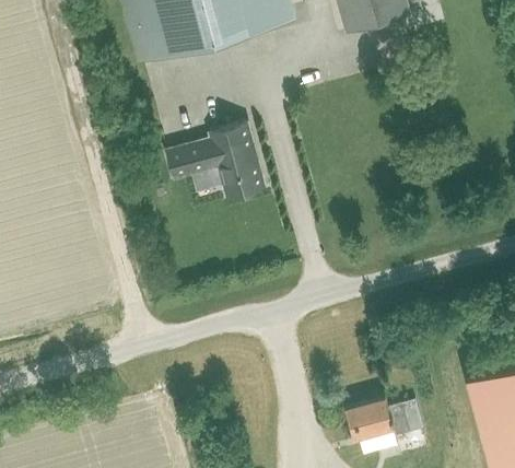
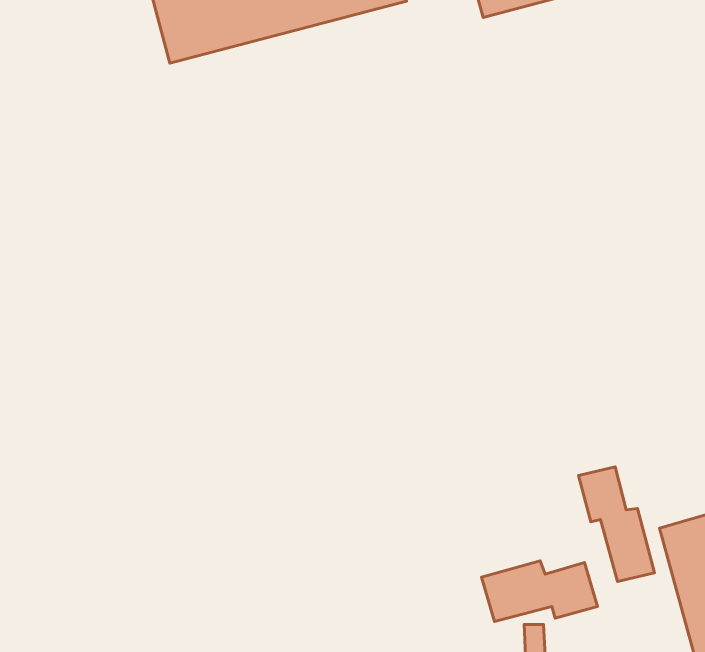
building: [168,122,267,198] -> none
building: none -> [578,467,655,581]

